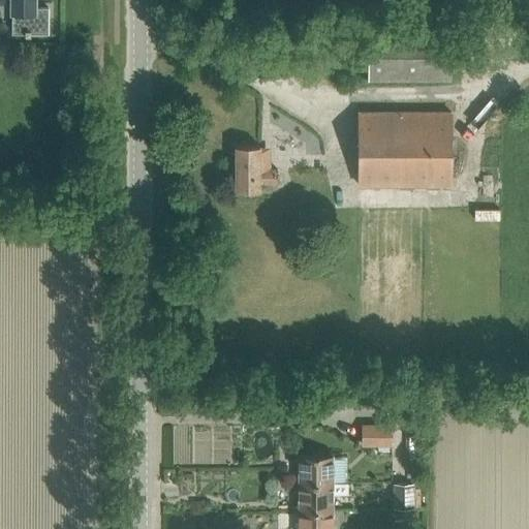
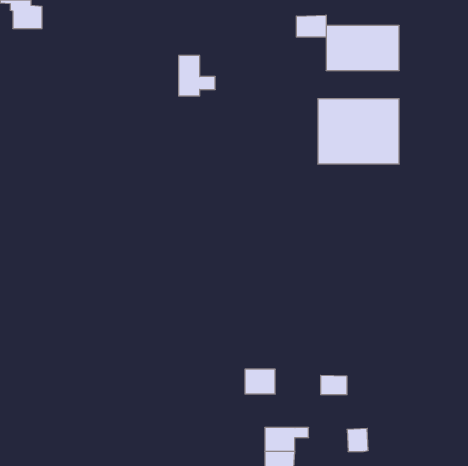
building: none -> [296,15,326,37]
building: [236,148,277,193] -> [179,56,215,96]
building: [299,457,333,485] -> [245,369,275,394]

